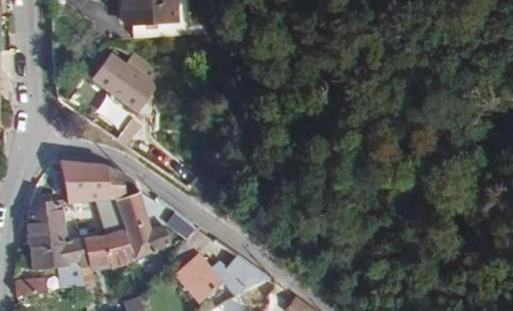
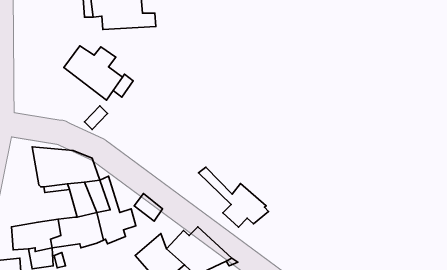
building: none -> [199,167,268,227]
building: [34,201,66,245] -> none

